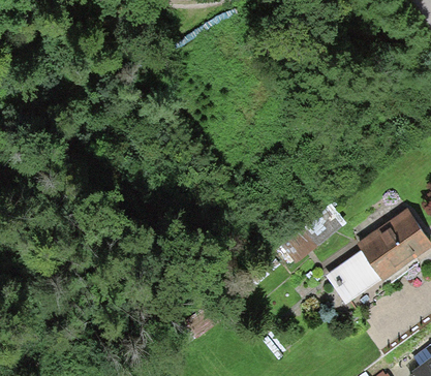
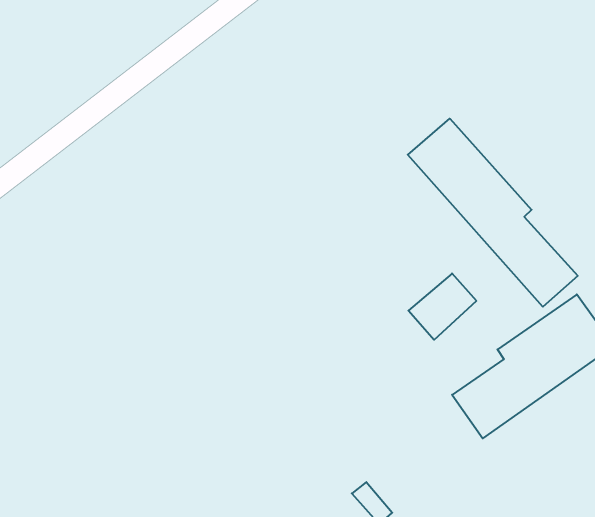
building: none -> [408,119,578,307]

